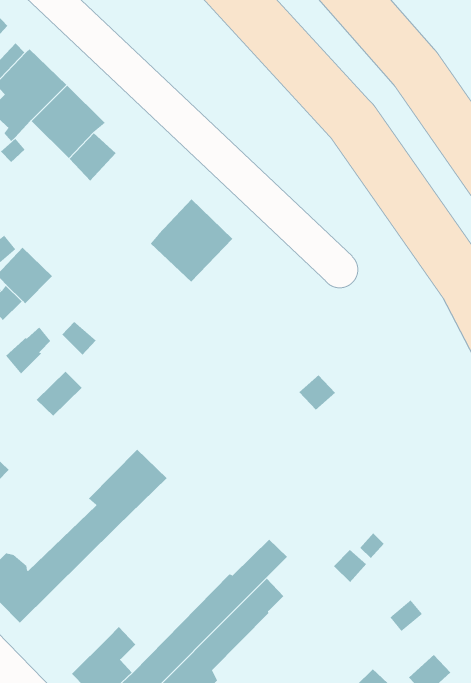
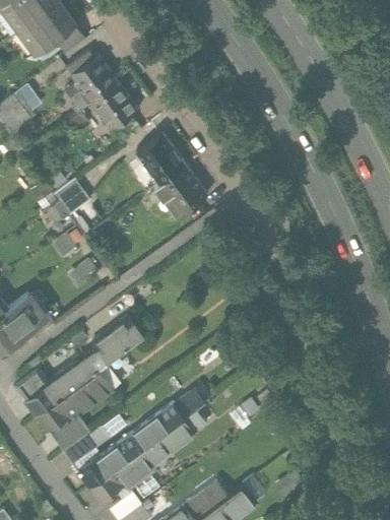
building: none -> [135,132,184,183]
building: none -> [36,363,121,430]
building: none -> [52,416,89,451]

